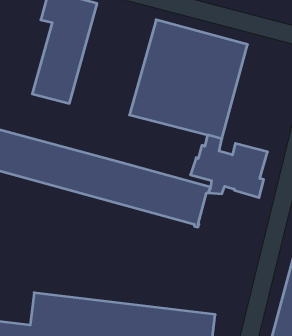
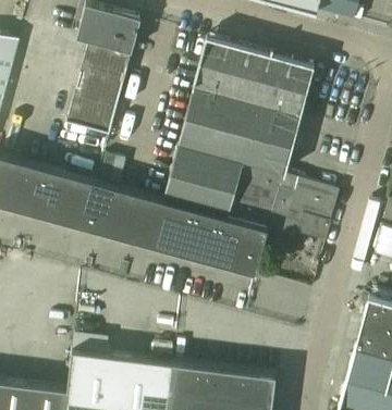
building: none -> [163,149,271,232]

